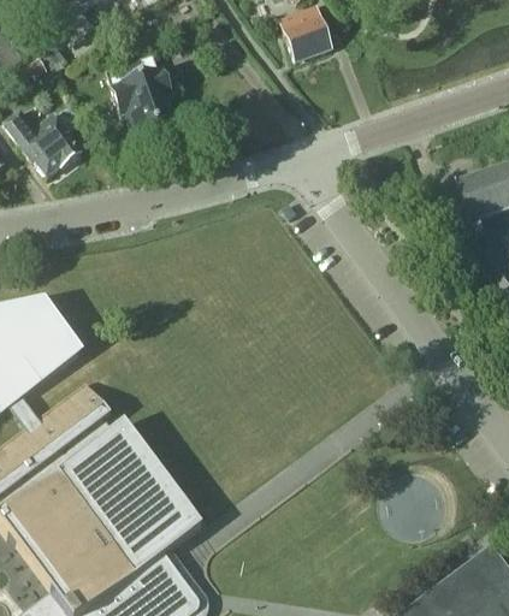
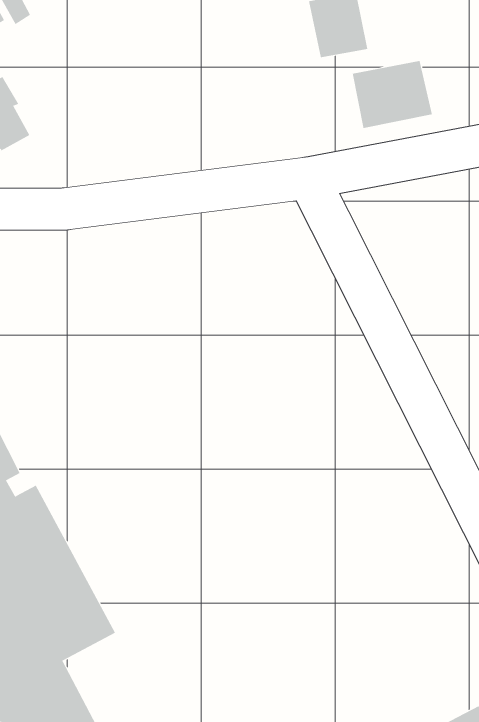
building: none -> [352,60,432,129]
building: [108,59,176,135] -> none

